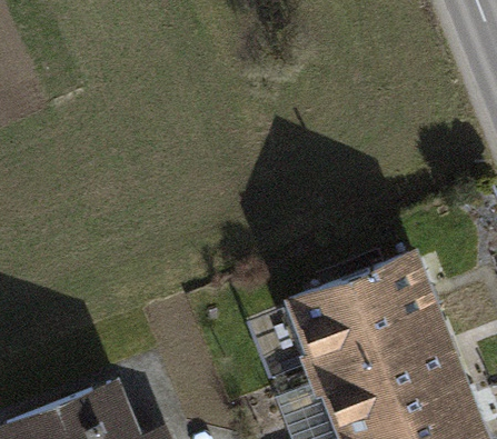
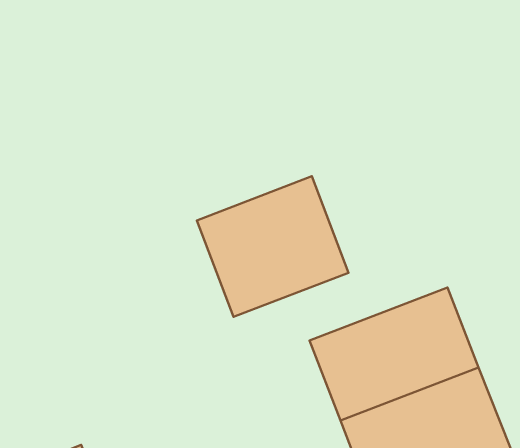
building: none -> [197,176,348,317]

